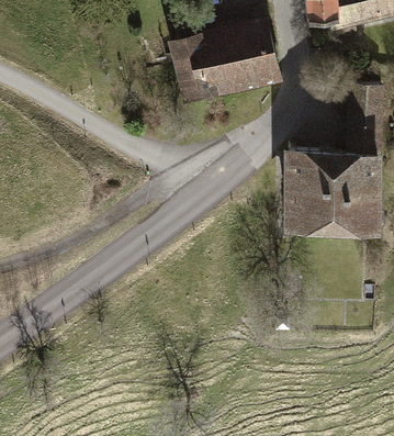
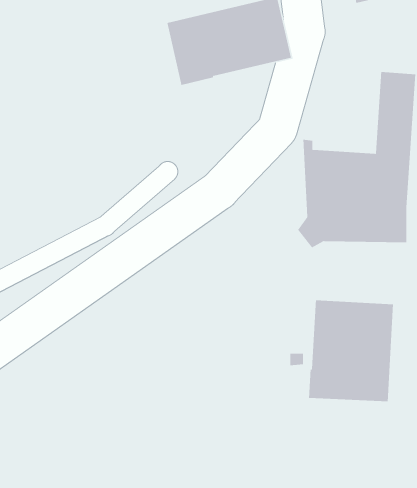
building: none -> [308,300,394,402]

